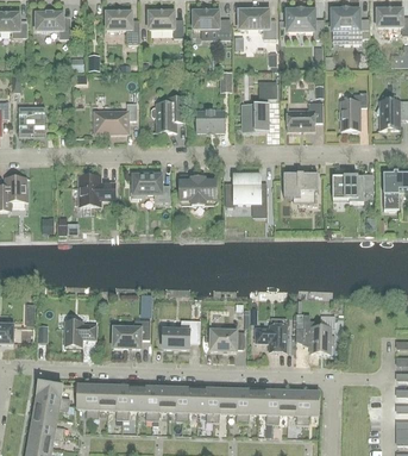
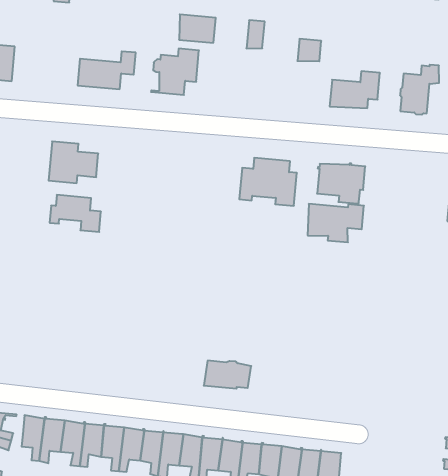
building: [243,104,268,130] -> none
building: [196,111,224,130] -> [179,14,216,43]
building: [332,173,374,201] -> [308,204,364,242]
building: [180,174,216,204] -> none
building: [131,175,169,200] -> [50,195,101,232]
building: [296,313,331,352] -> none
building: [113,319,150,346] -> none
building: [163,319,200,348] -> none
building: [64,320,96,345] -> none
building: [255,324,287,351] -> none

